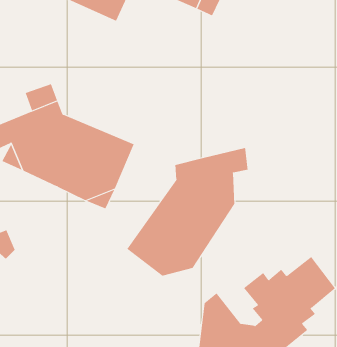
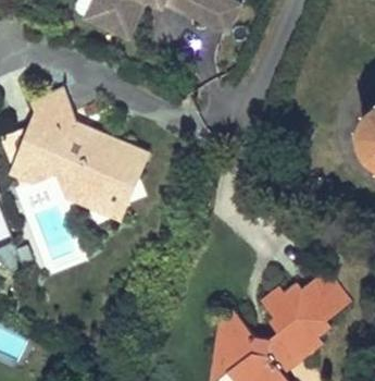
building: [127,147,248,277] -> none

